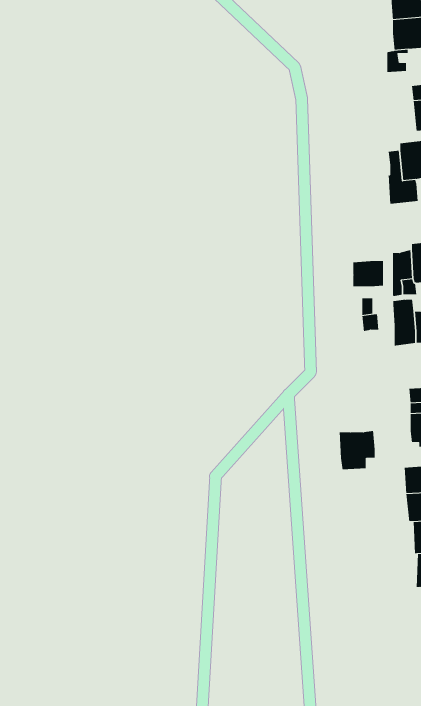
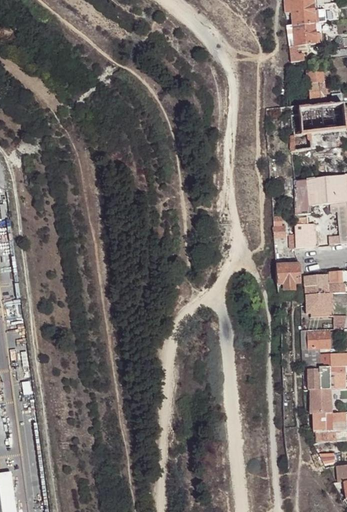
building: [353,260,383,287] -> none
building: [339,430,375,470] -> [275,263,300,290]

